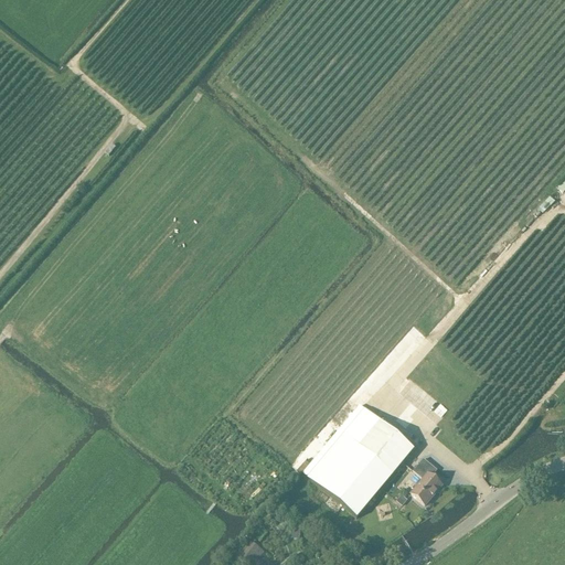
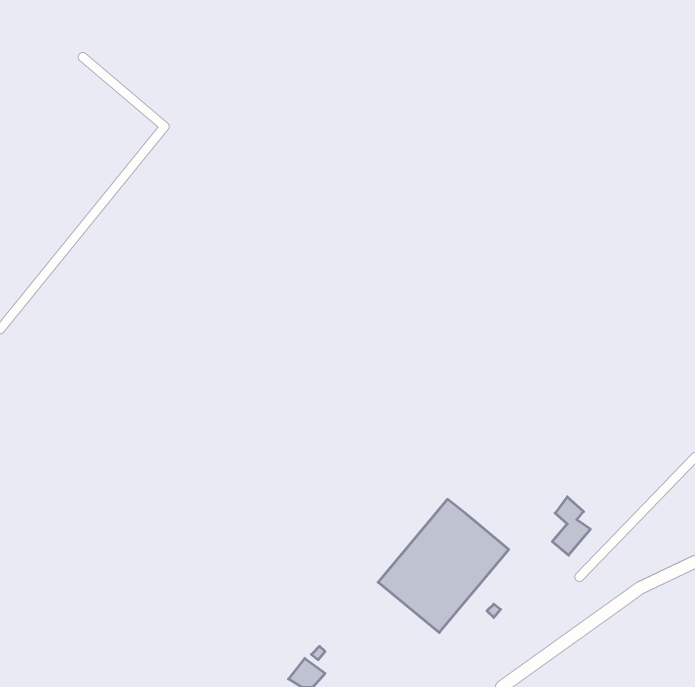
building: [411,454,441,501] -> [552,497,590,555]

